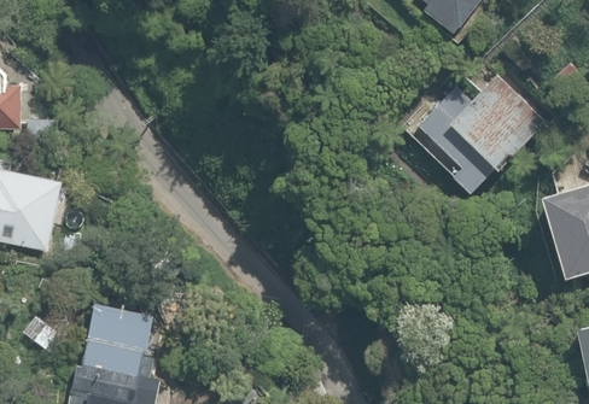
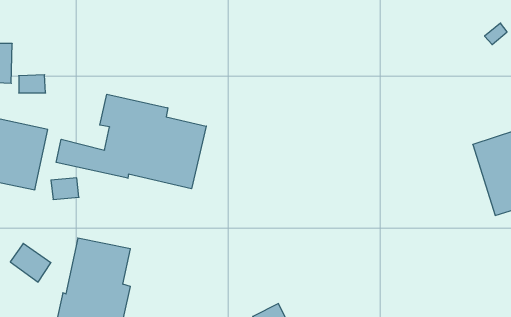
building: [420,75,544,193] -> none
building: none -> [56,94,206,189]

